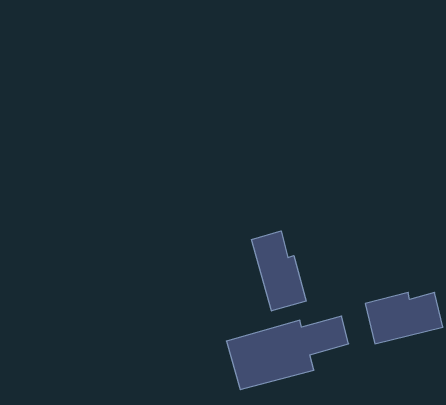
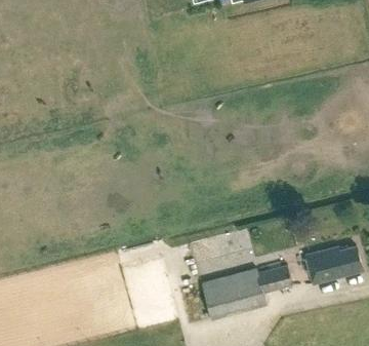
building: [251,231,306,311] -> none

